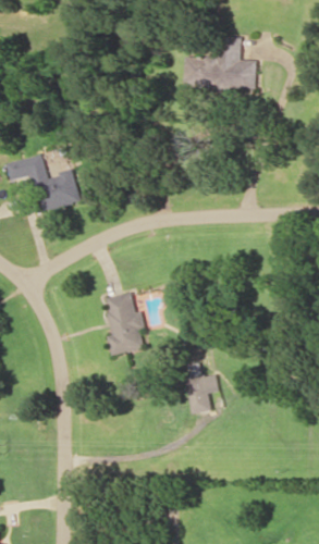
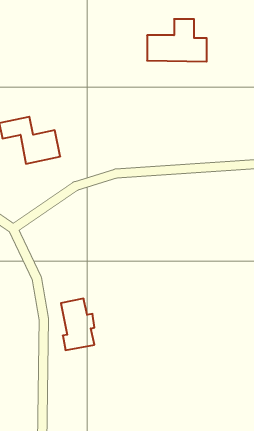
building: [103,293,144,355] -> [61,299,94,350]
building: [184,363,217,415] -> none

